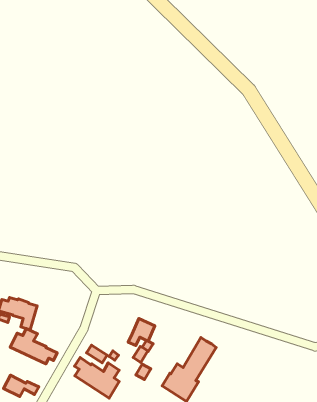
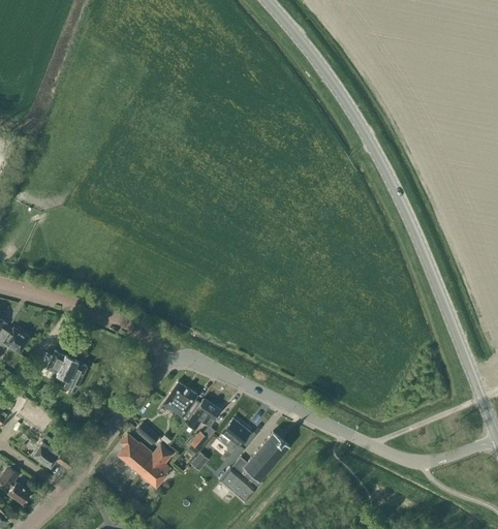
building: none -> [162,382,198,418]
building: [10,329,57,364] -> none
building: none -> [221,418,250,447]

